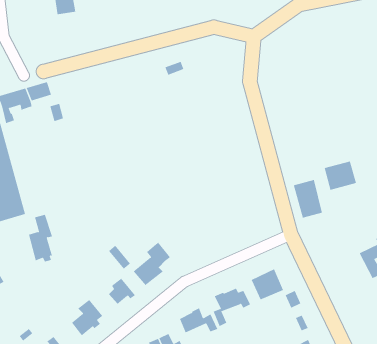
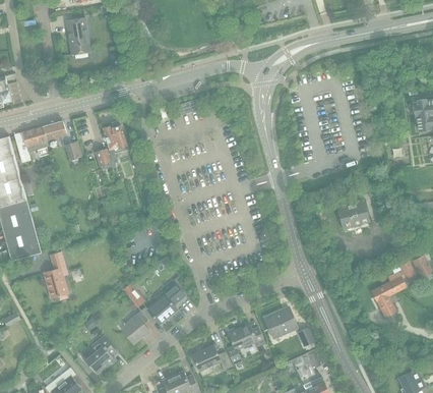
building: none -> [94,124,126,165]
building: [293,179,322,218] -> none

